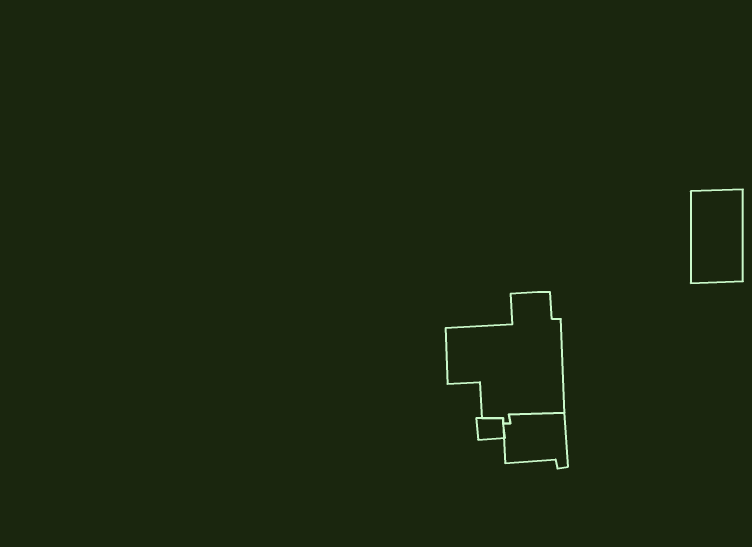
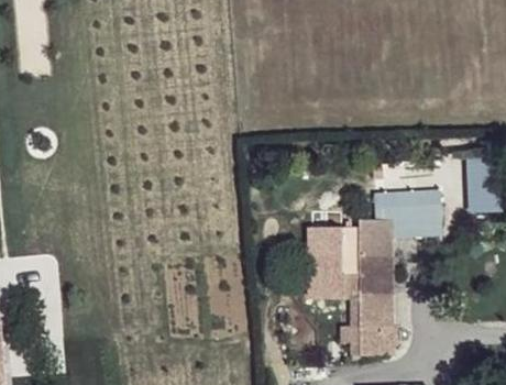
building: none -> [373,187,438,232]
building: none -> [348,318,394,356]

